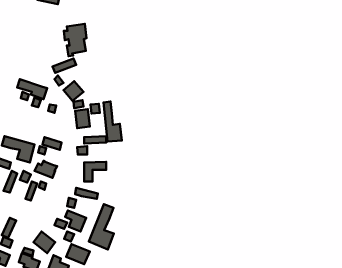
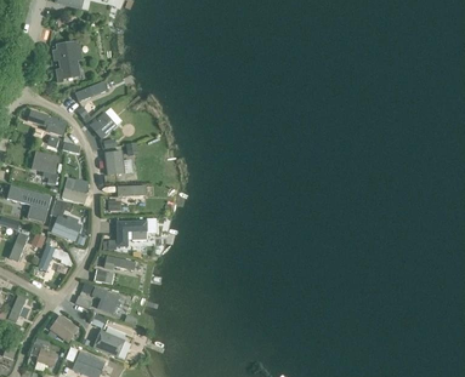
building: [64,24,87,56] -> [51,39,81,82]
building: [103,102,122,141] -> none
building: none -> [30,150,57,184]
building: [89,204,114,250] -> none

